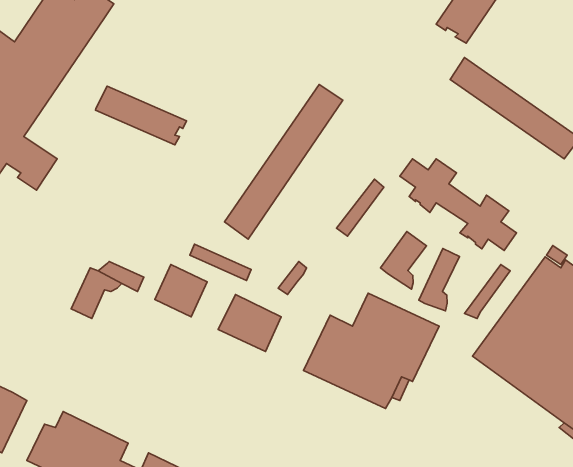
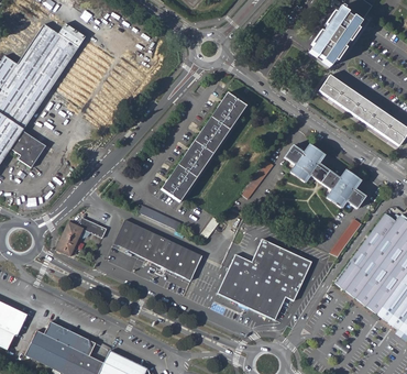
building: [95,86,186,145] -> none
building: [380,232,426,289] -> none
building: [419,249,459,311] -> none
building: none -> [140,231,171,264]

